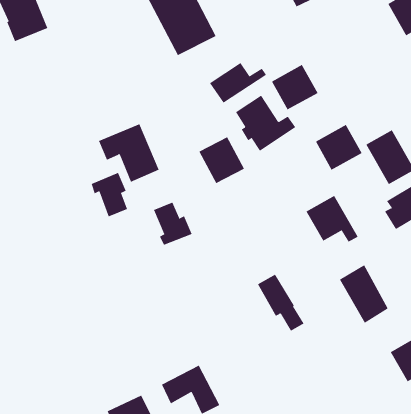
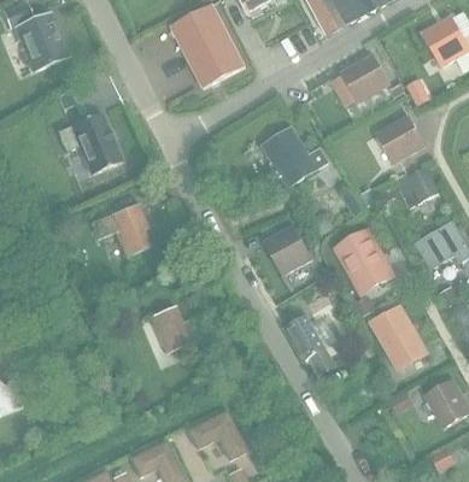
building: [209,62,267,104] -> none
building: [271,64,318,110] -> [339,53,388,101]
building: [98,124,159,182] -> [55,112,119,174]
building: [315,124,362,170] -> [374,114,423,163]
building: [199,137,245,184] -> [263,223,311,272]
building: [153,202,193,246] -> [154,306,195,352]

